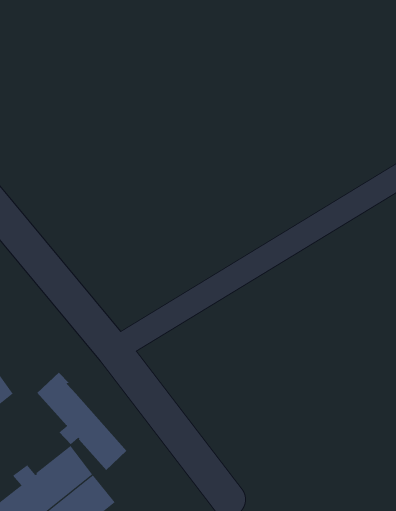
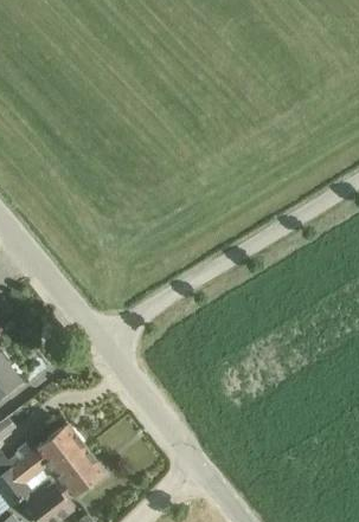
building: [36,372,127,471] -> none

